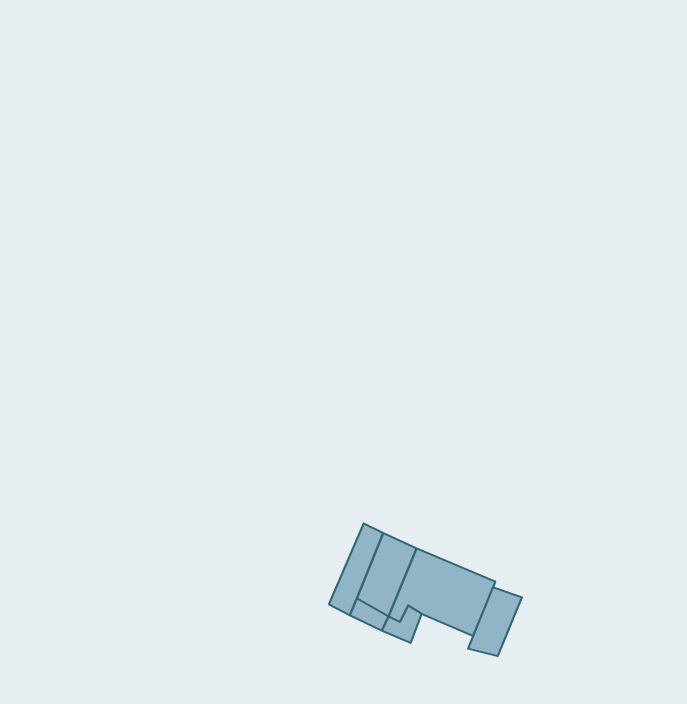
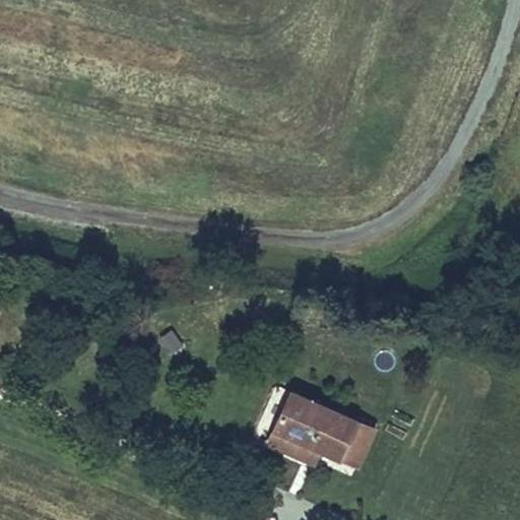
building: [468,587,522,656] -> none

